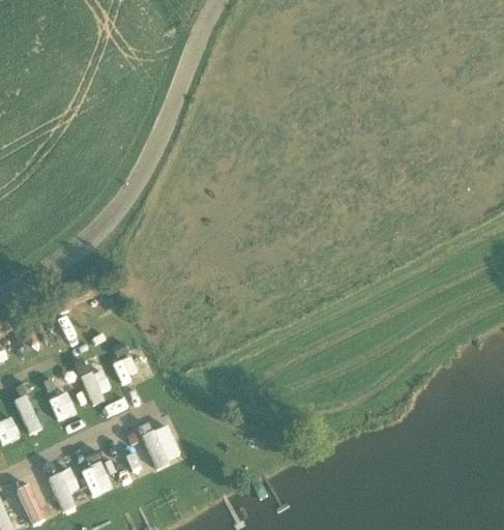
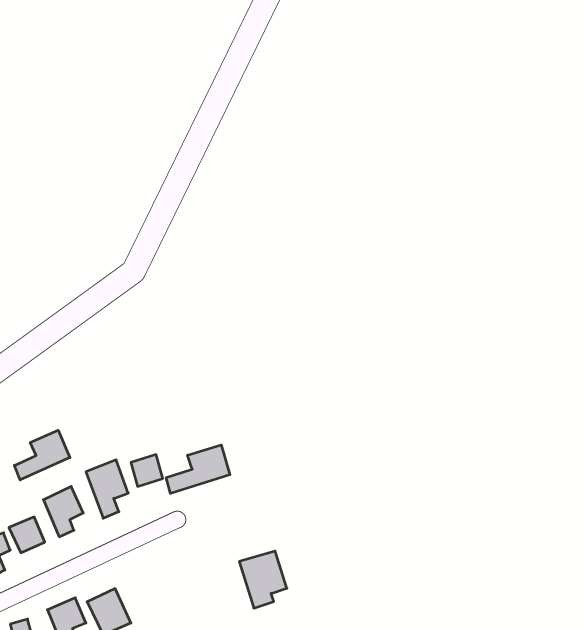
building: none -> [14,430,70,480]
building: none -> [166,445,230,493]
building: [143,424,180,469] -> [239,551,287,608]

